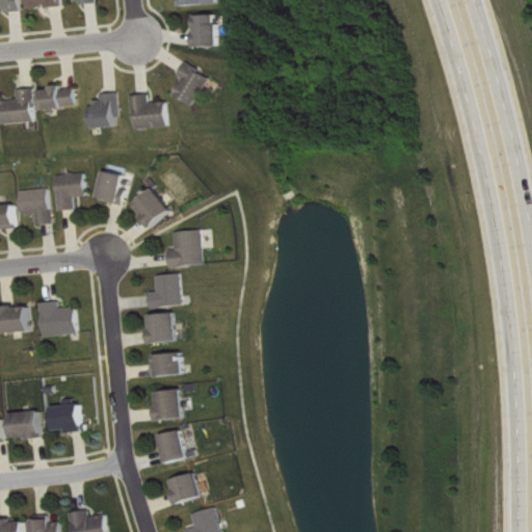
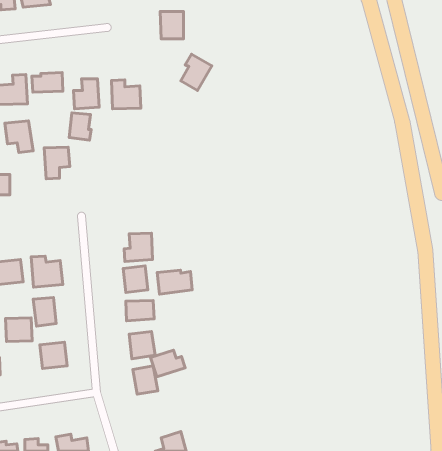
building: [170,62,207,105] -> [181,54,212,91]
building: [95,170,121,203] -> [69,113,91,140]
building: [16,187,49,224] -> [5,121,33,153]
building: [129,187,168,225] -> none
building: [165,230,200,265] -> none
building: none -> [157,270,192,294]
building: none -> [33,297,56,326]
building: [6,410,37,438] -> [6,318,32,342]
building: [165,472,206,503] -> [151,350,185,377]

